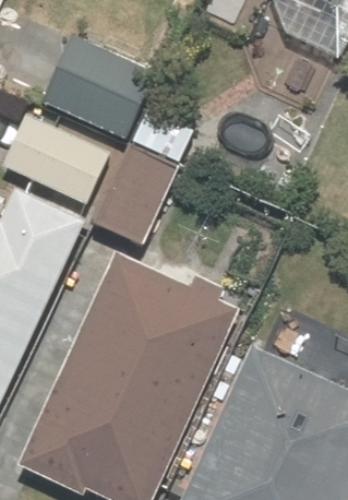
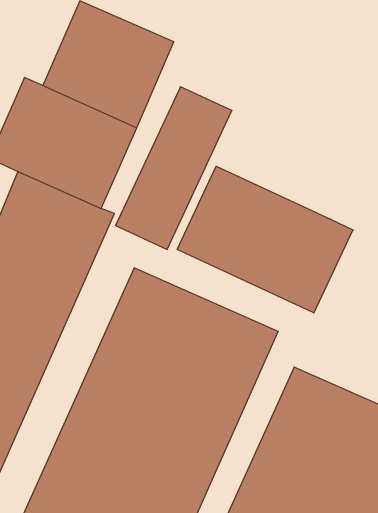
building: none -> [177,166,353,313]

